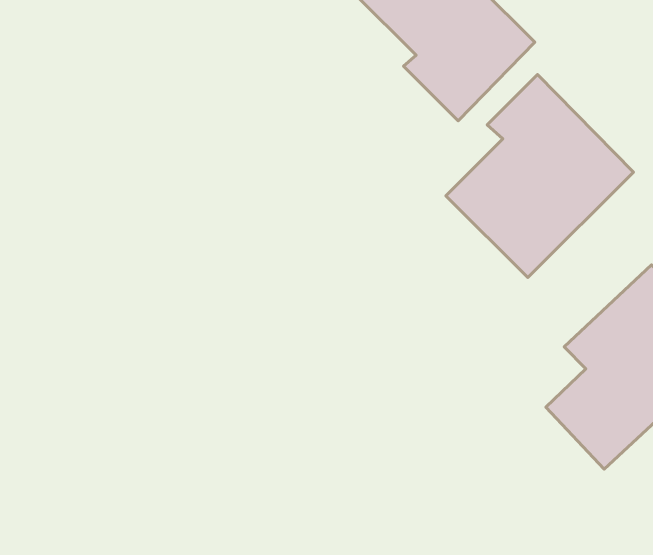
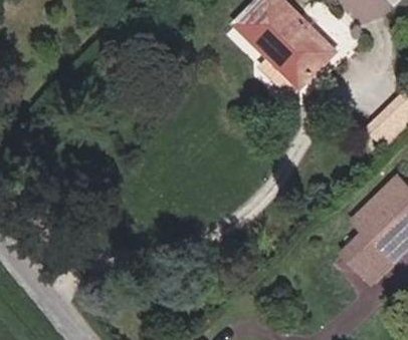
building: [446,75,633,278] -> none

